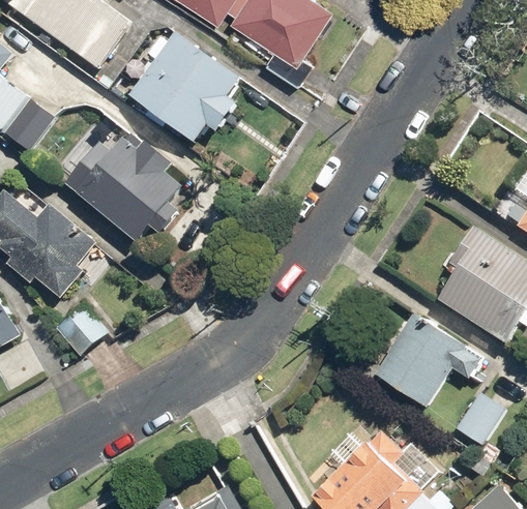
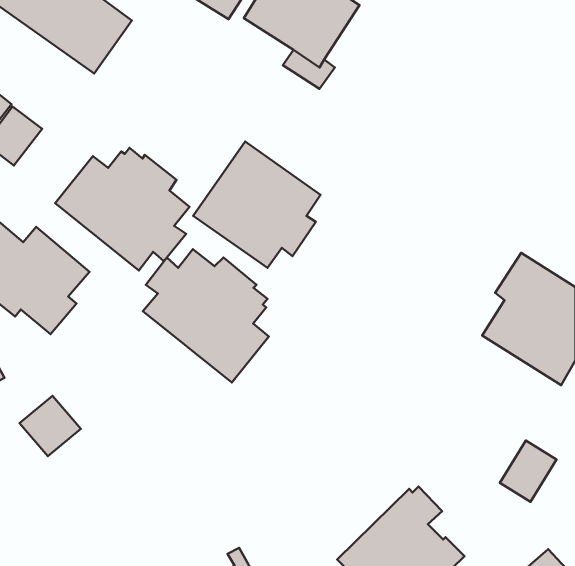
building: [130,31,242,142] -> [193,142,321,268]
building: none -> [143,249,269,383]
building: [54,304,108,357] -> [19,396,81,456]
building: [376,313,479,406] -> none

